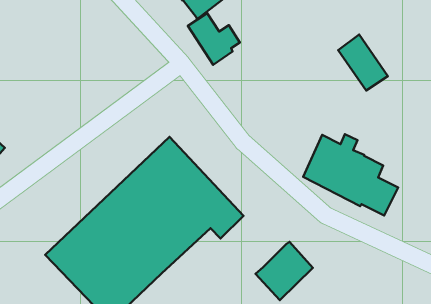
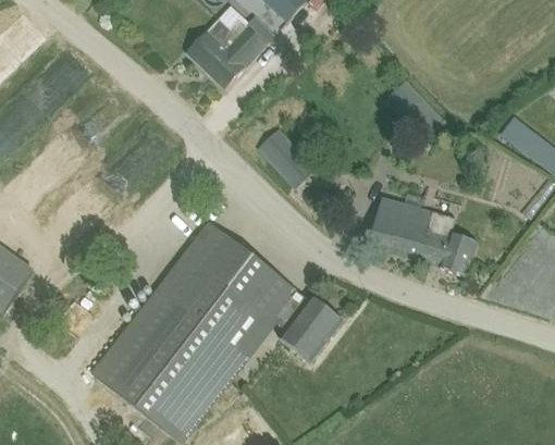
building: [188,13,240,65] -> [258,129,319,186]
building: [255,242,313,300] -> [279,296,342,362]

